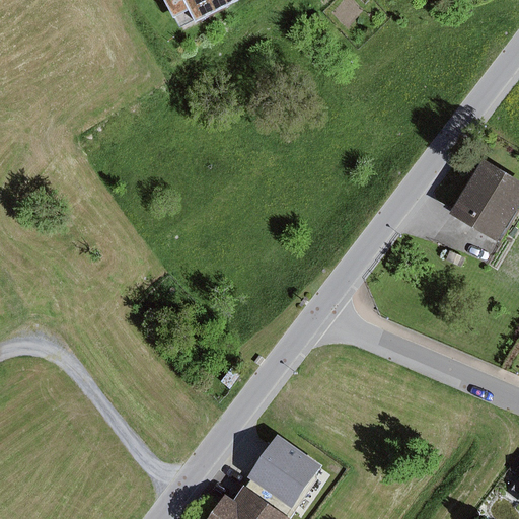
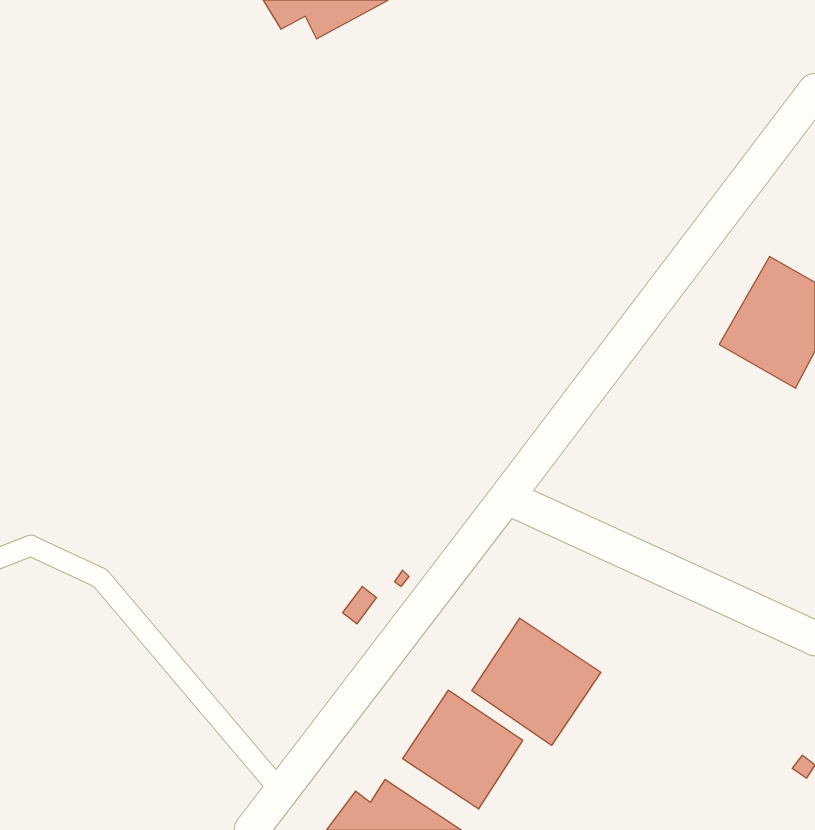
building: none -> [472,618,601,745]

